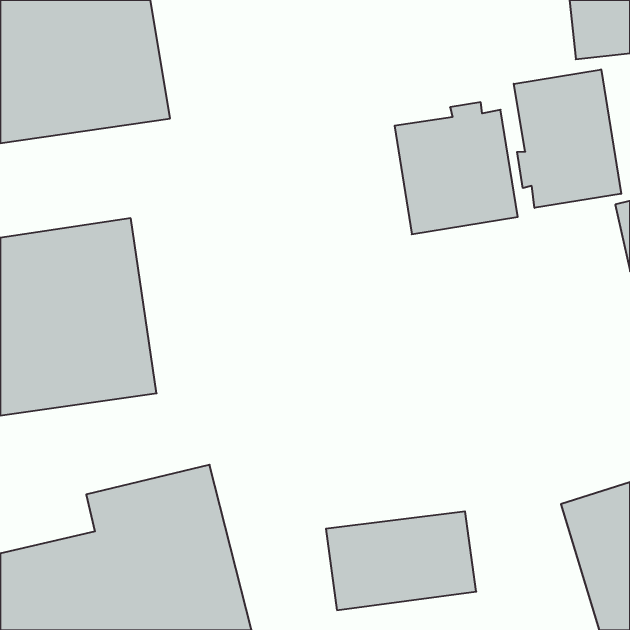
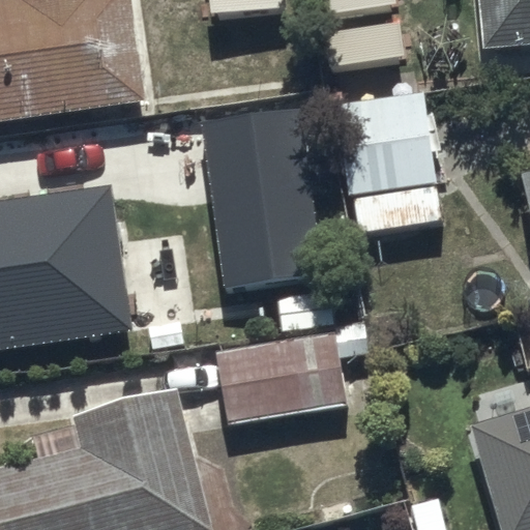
building: [514,69,621,208] -> none
building: none -> [202,117,321,294]
building: [326,511,476,610] -> [216,337,343,420]

